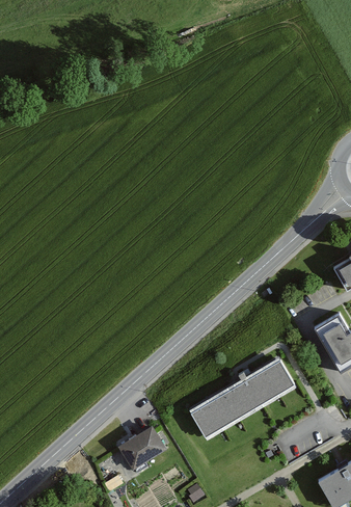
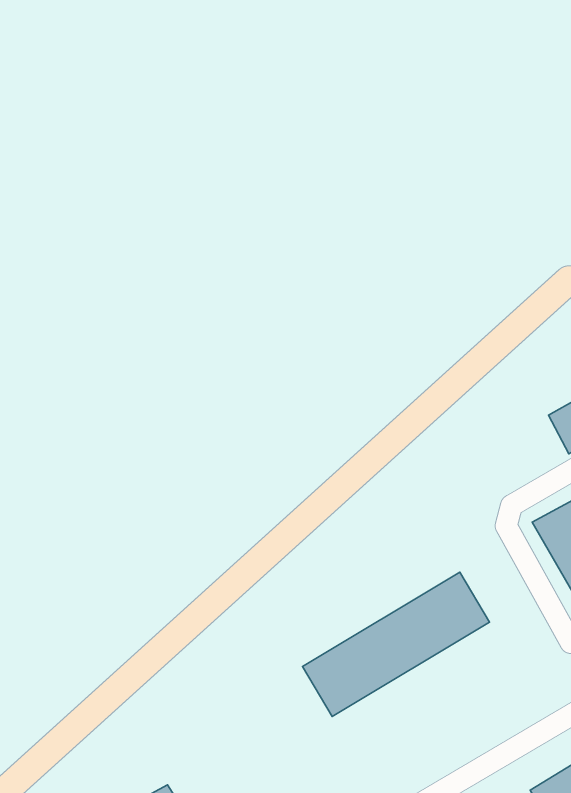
building: [115,425,167,471] -> none

